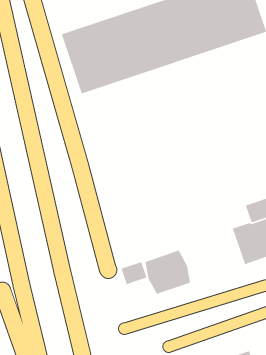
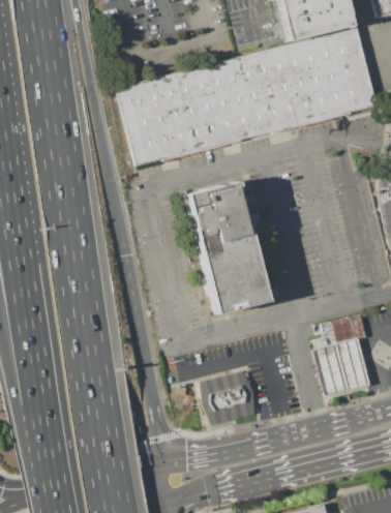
building: none -> [187,181,268,313]
building: [121,261,147,285] -> none

